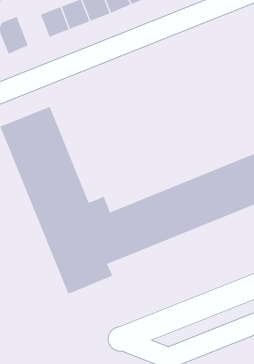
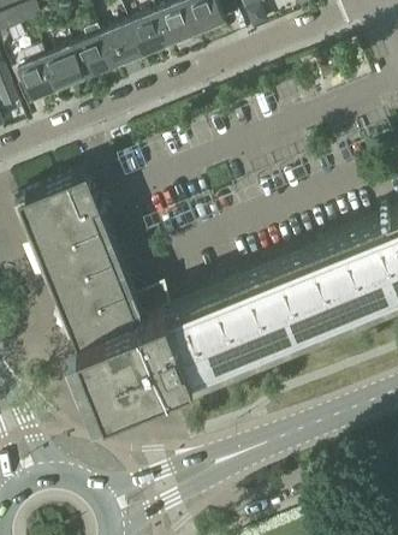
building: none -> [47,53,87,95]

